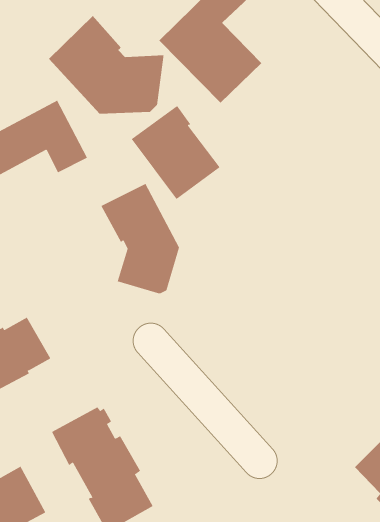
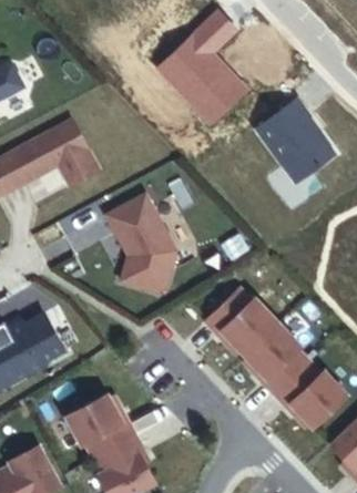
building: [48,15,164,114] -> none
building: [131,105,220,200] -> [257,100,336,183]
building: none -> [203,285,345,424]

